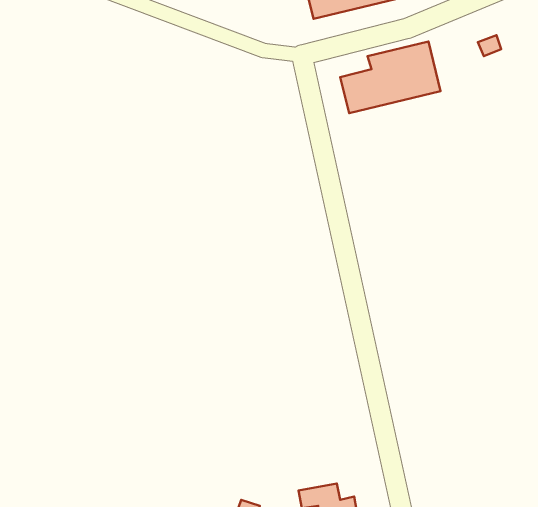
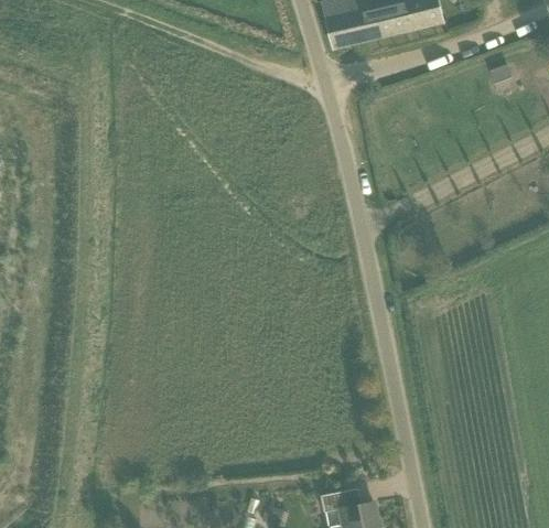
building: [340,42,440,113] -> none

